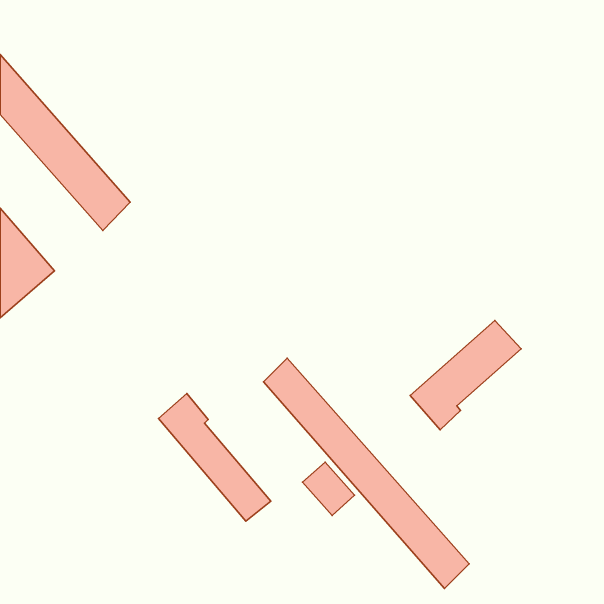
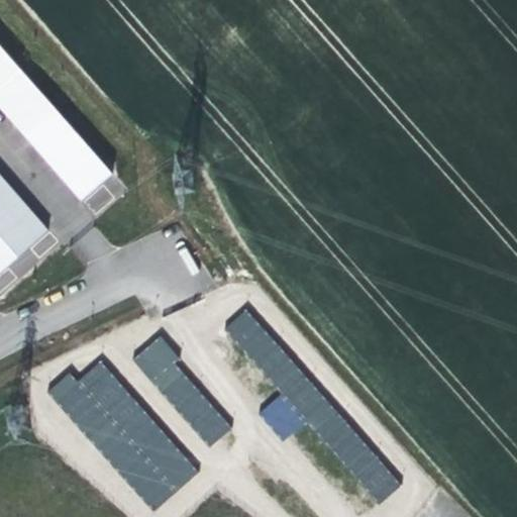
building: [410,320,521,430] -> none
building: none -> [46,364,197,510]

